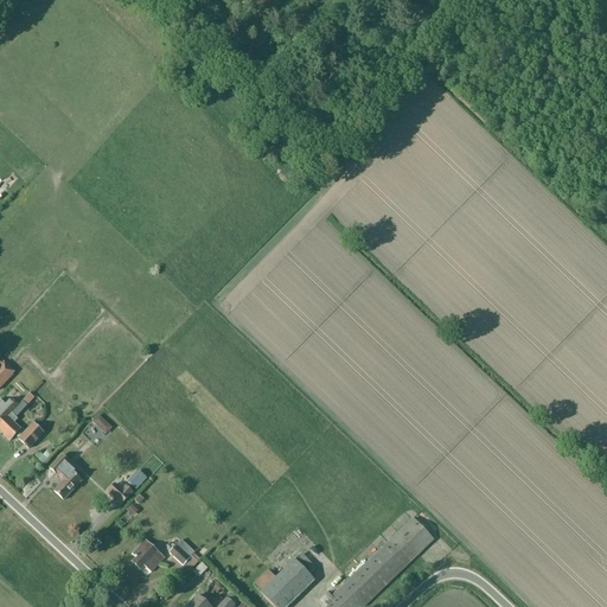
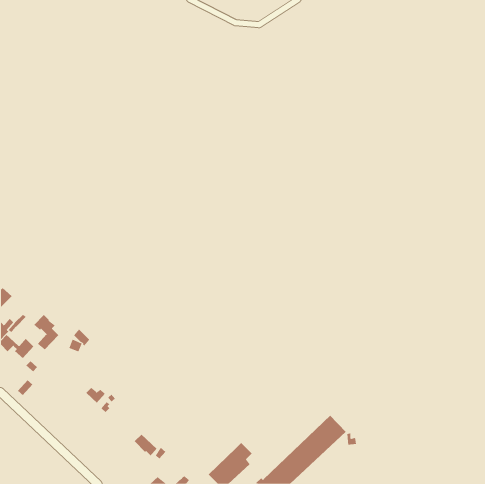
building: [49,454,81,499] -> [34,314,59,350]
building: [132,538,165,571] -> none

